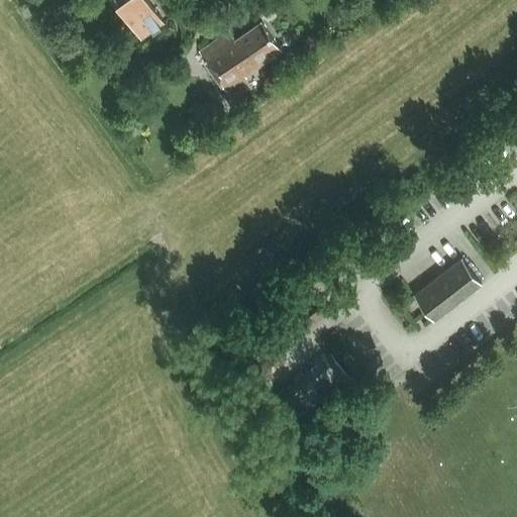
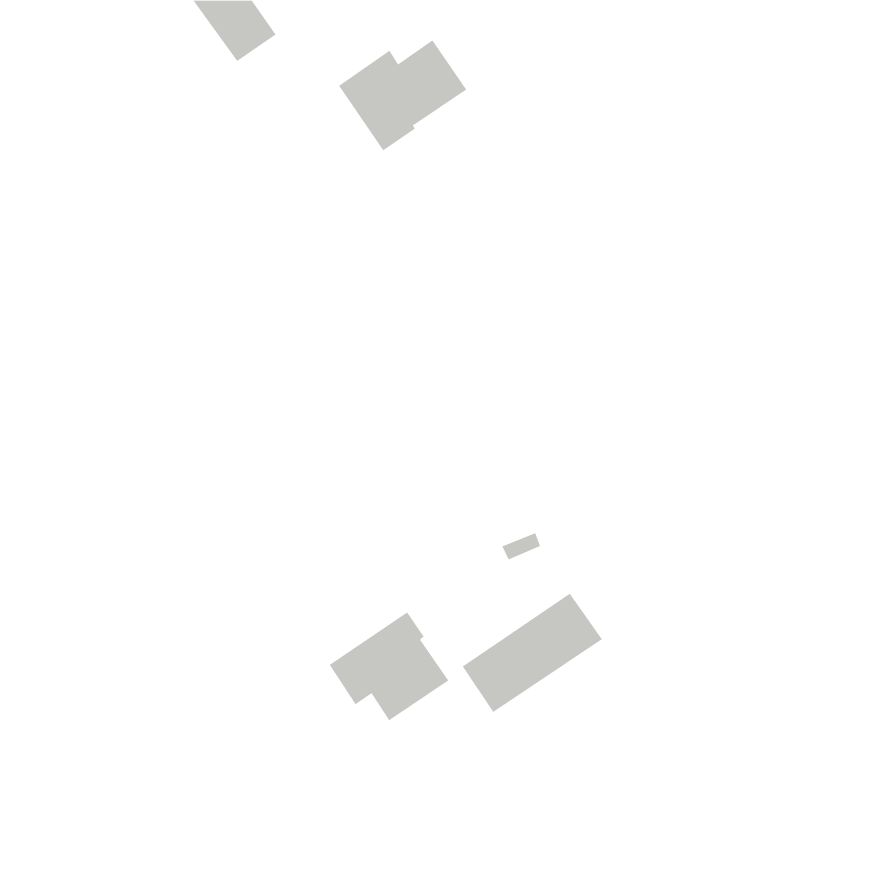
building: [414,261,481,323] -> none
building: none -> [329,612,449,721]

